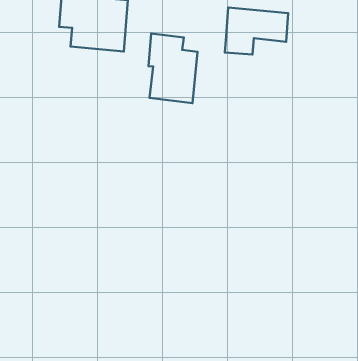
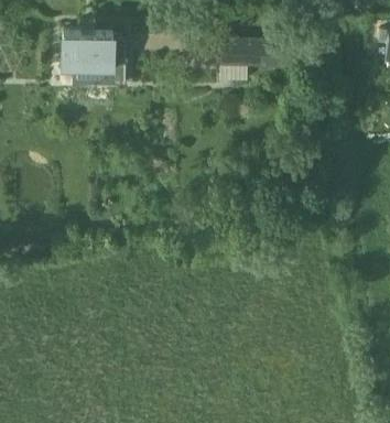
building: [148,34,197,103] -> none

